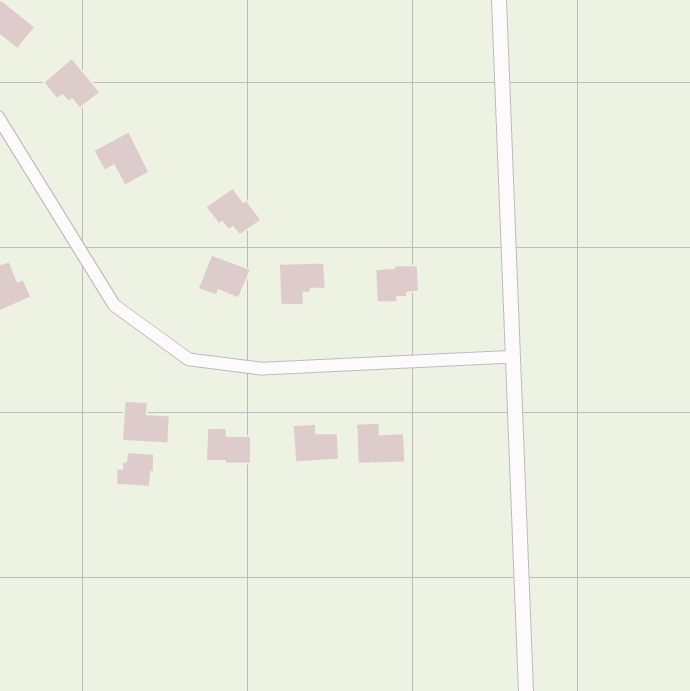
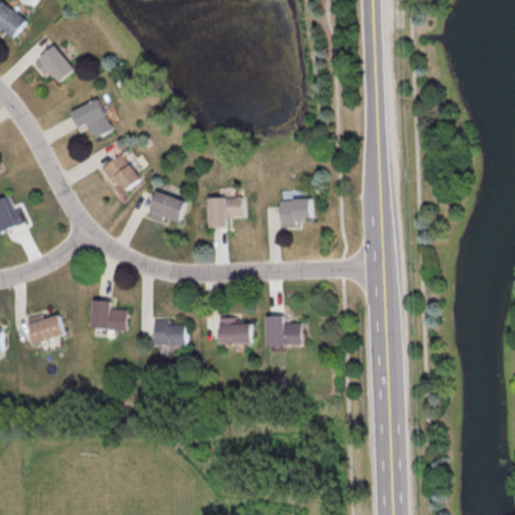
building: [206,188,261,235] -> [100,154,141,189]
building: none -> [26,313,63,344]
building: [116,453,154,486] -> none

